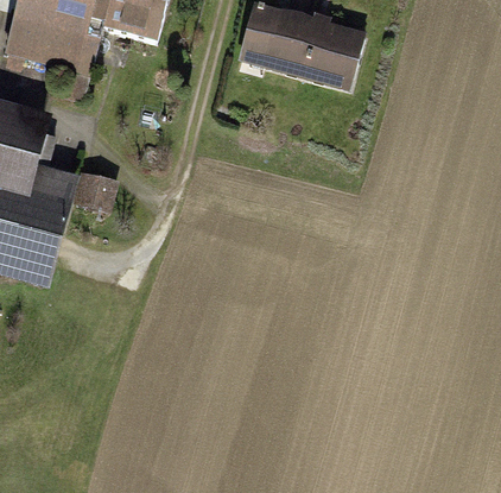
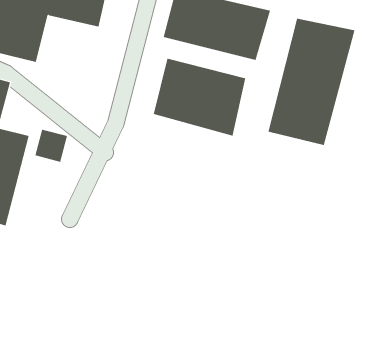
building: none -> [268,18,355,146]
building: none -> [153,58,246,136]

